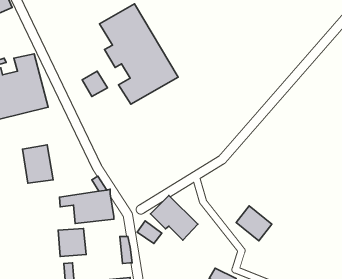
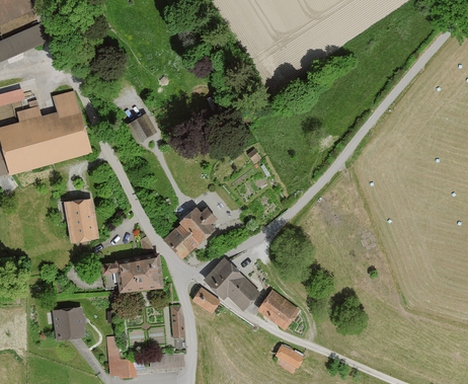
building: [99,4,178,104] -> none
building: none -> [165,206,218,256]
building: [236,206,272,241] -> [259,289,301,329]
building: [58,228,86,256] -> [54,306,86,338]

